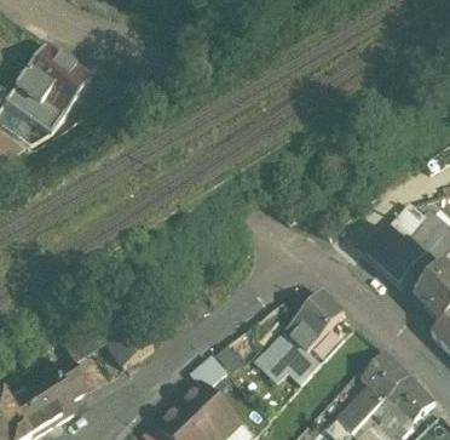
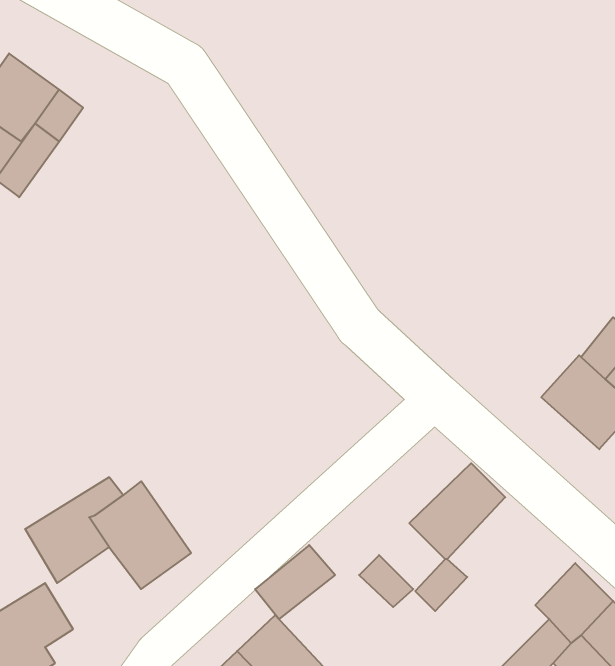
building: [267,326,307,367] -> none

